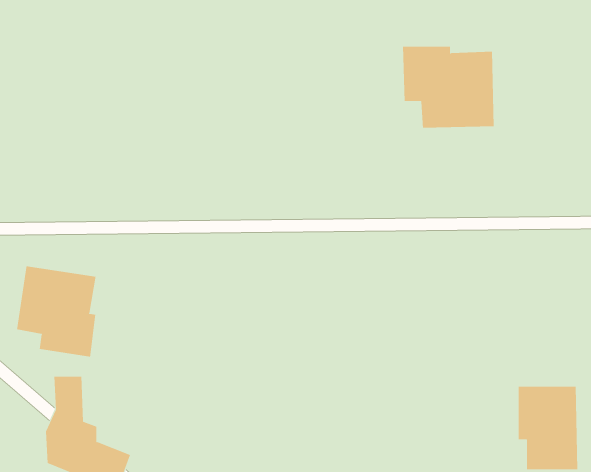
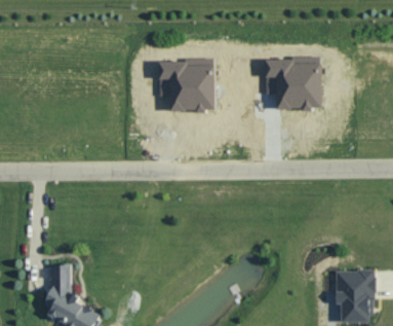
building: none -> [158,63,214,111]
building: [16,266,96,358] -> none

